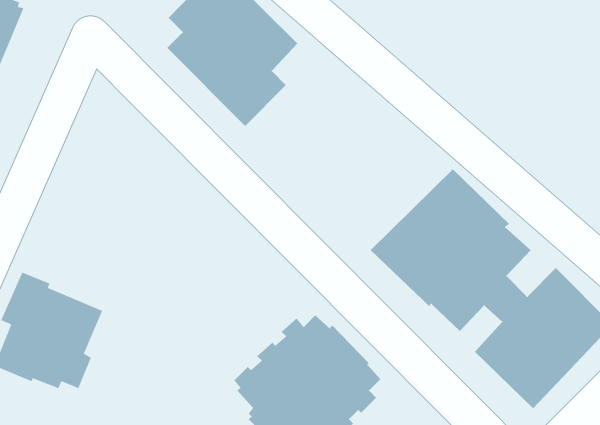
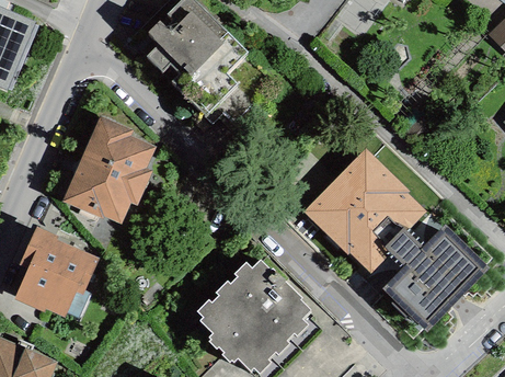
building: none -> [61,116,156,224]

